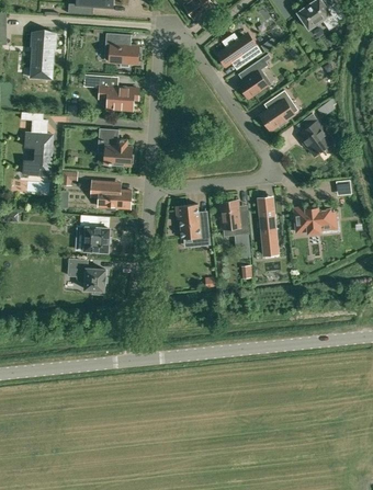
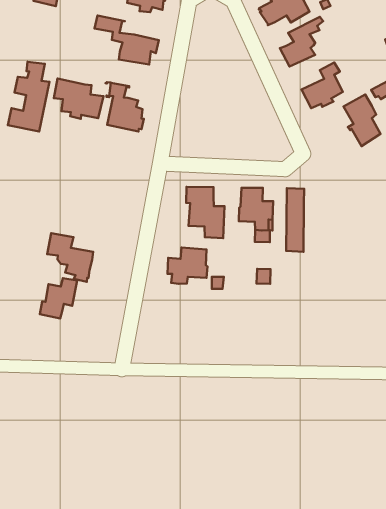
building: [90,180,131,210] -> [54,79,104,119]
building: [293,206,336,232] -> none
building: [78,215,109,252] -> none
building: none -> [168,248,207,284]
building: none -> [40,278,77,318]

